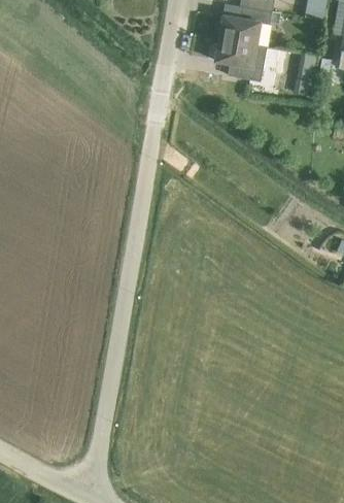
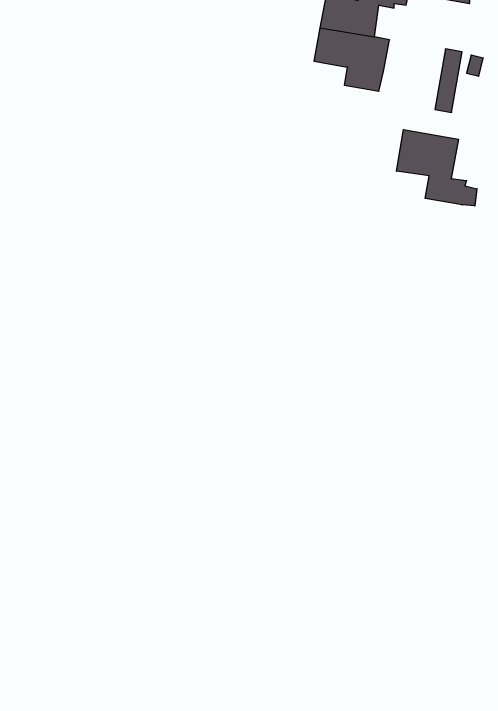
building: none -> [397,130,477,206]

